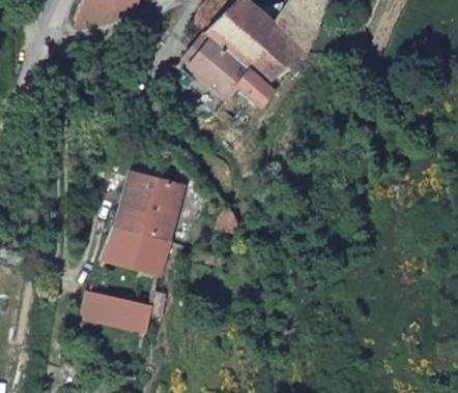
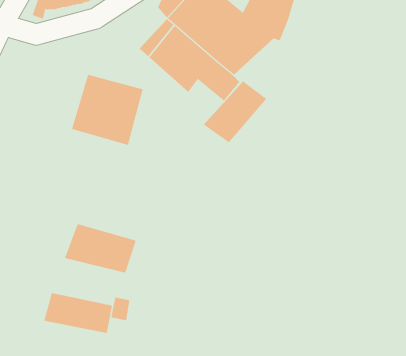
building: none -> [203,80,267,143]
building: [117,173,187,241] -> [71,74,144,145]

